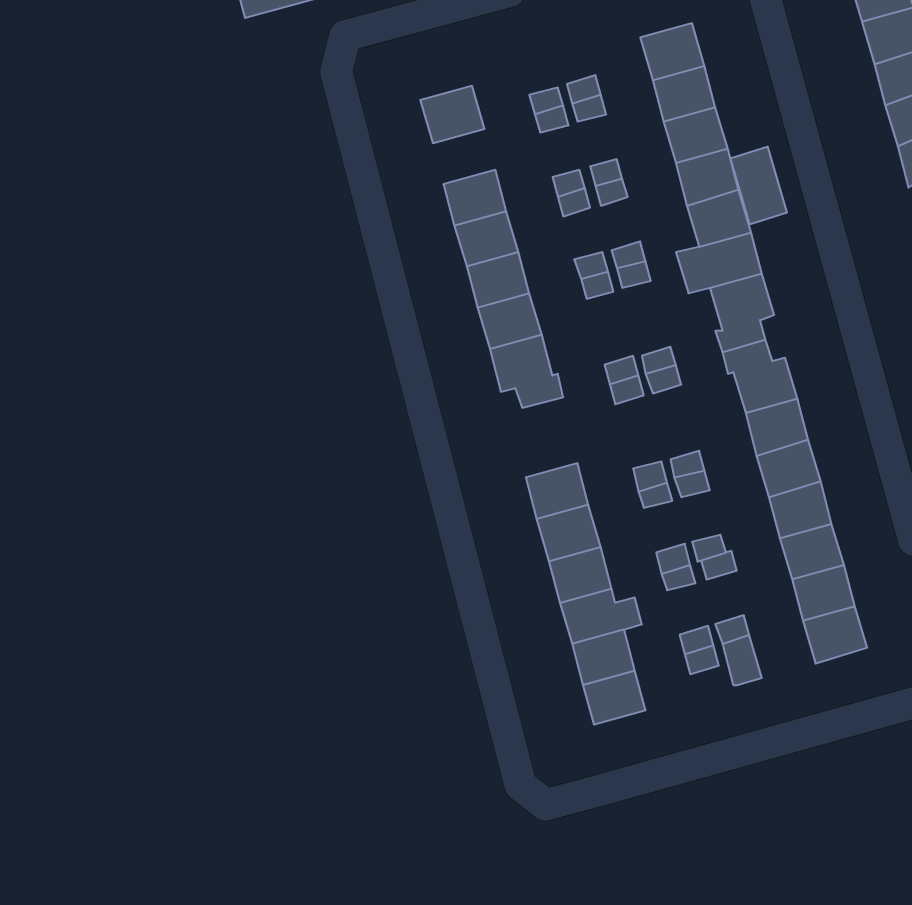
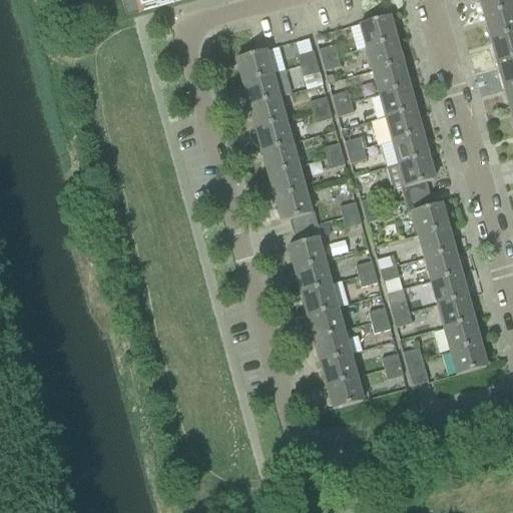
building: none -> [243,68,291,103]
building: [730,147,787,224] -> none
building: none -> [289,222,325,268]

